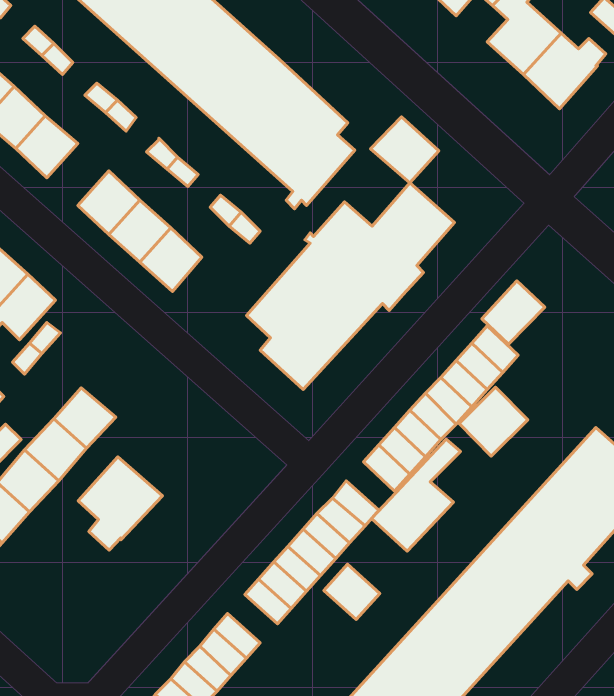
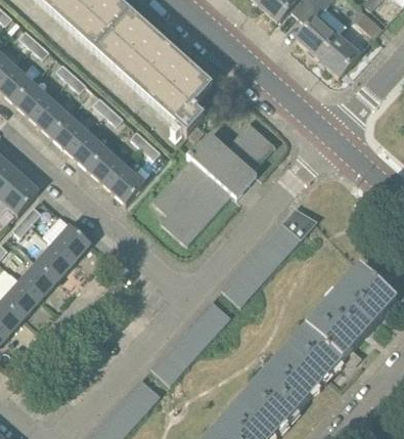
building: [371,117,439,183] -> none
building: none -> [33,98,70,135]
building: none -> [107,166,144,203]
building: [482,281,545,344] -> none
building: none -> [53,224,90,261]
building: [459,387,528,456] -> none
building: [372,439,460,551] -> none
building: [78,457,163,550] -> none
building: [324,564,380,620] -> none

